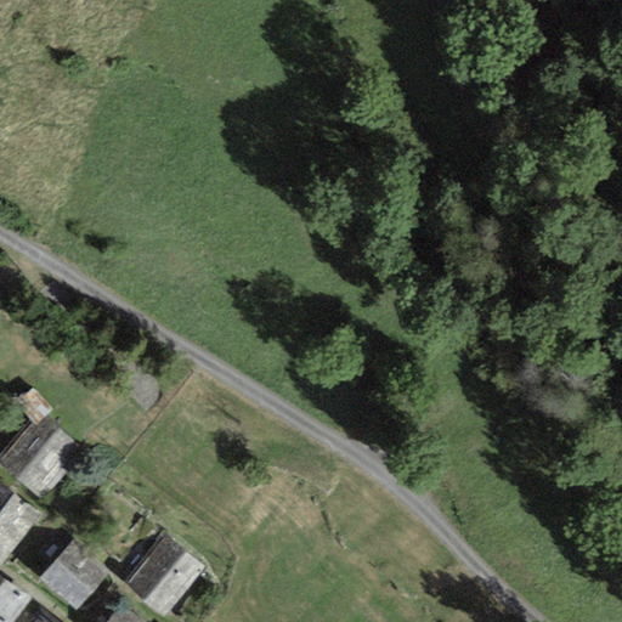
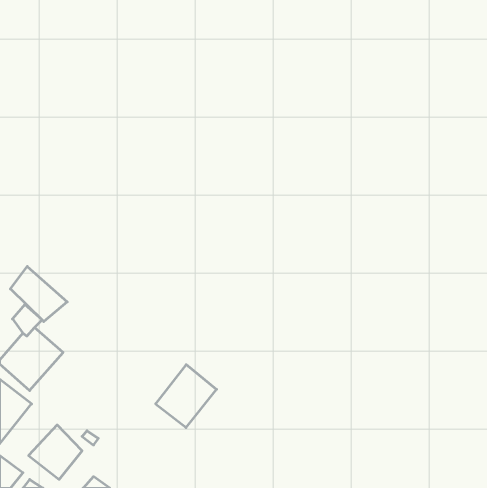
building: none -> [10,266,67,322]
building: [125,536,203,616] -> [156,365,217,428]

